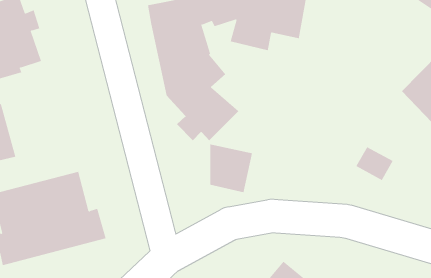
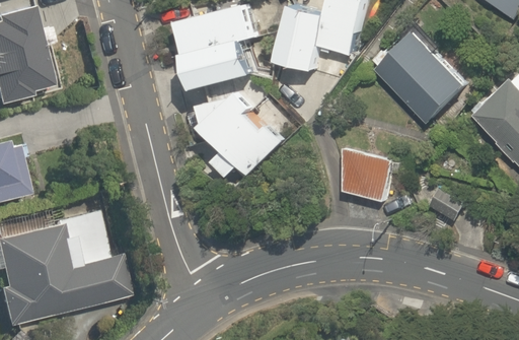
building: none -> [374,31,472,129]
building: [210,144,253,193] -> [343,147,393,205]

